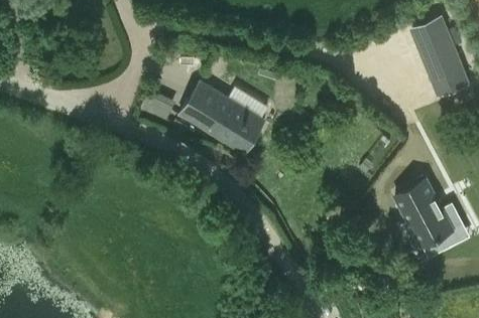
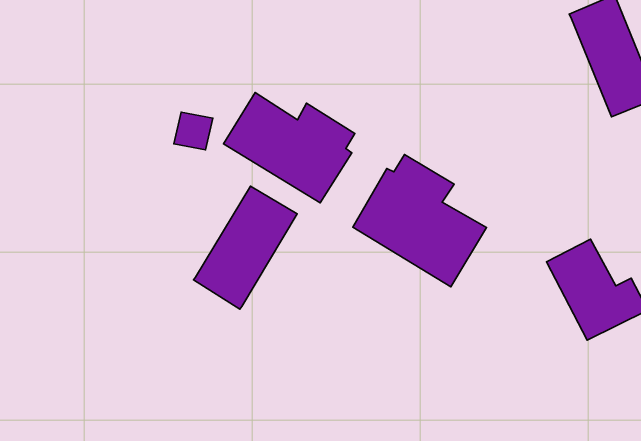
building: none -> [353,155,487,287]
building: none -> [194,186,297,309]

